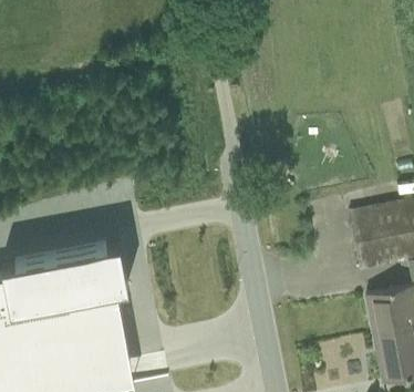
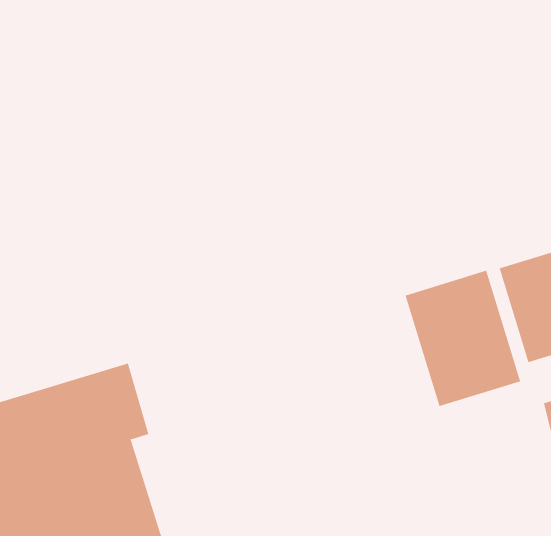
building: none -> [405,270,521,407]

